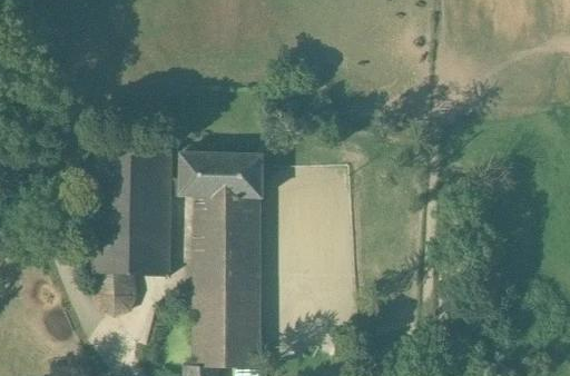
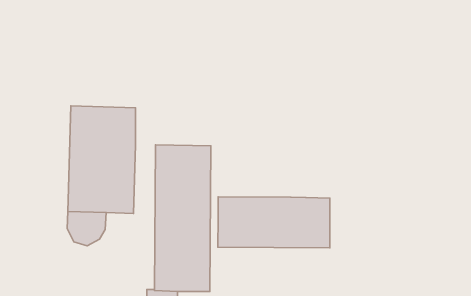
building: [170,152,261,196] -> none
building: none -> [218,197,330,248]

